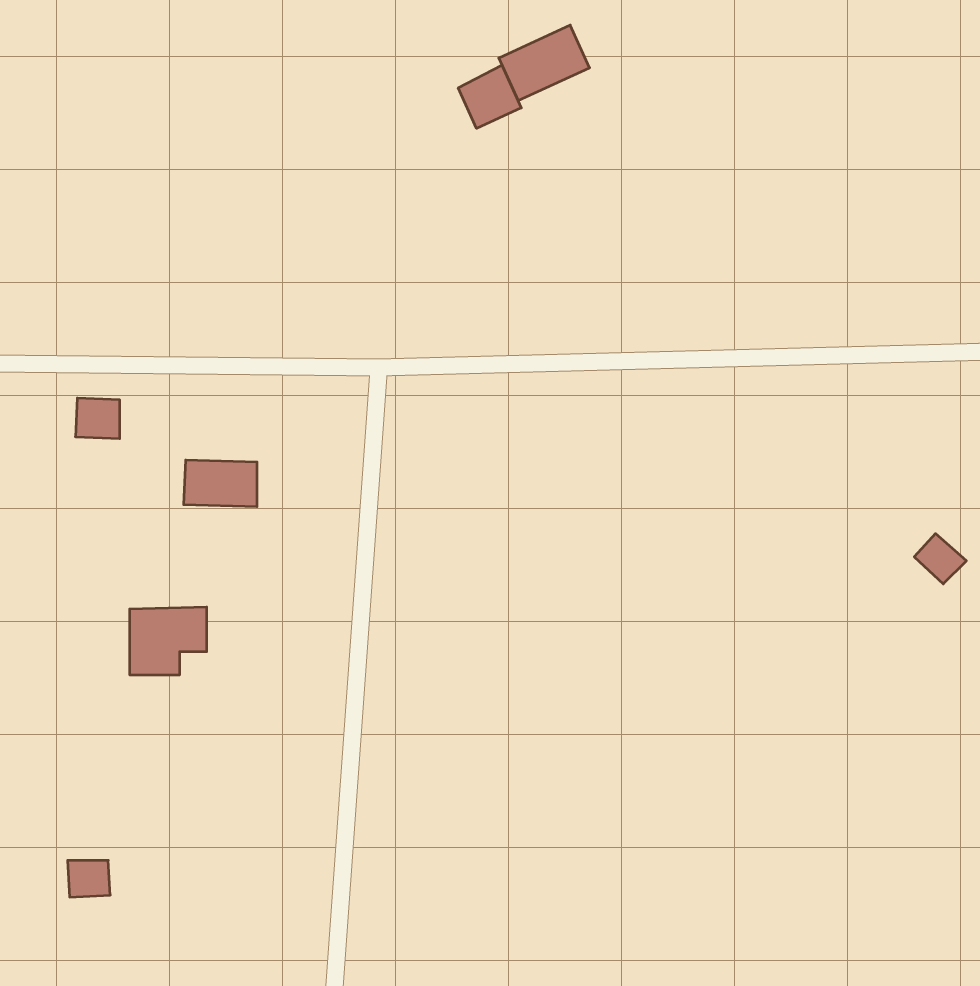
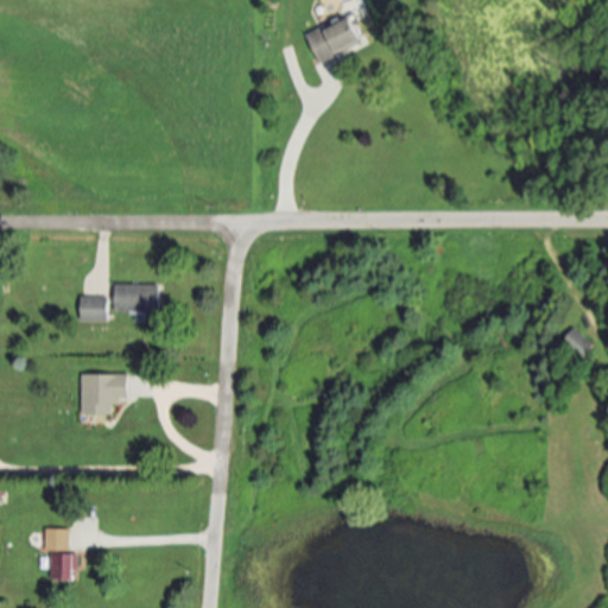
building: [458,65,521,128] -> none
building: [75,398,120,439] -> [78,296,106,321]
building: none -> [49,552,74,580]

